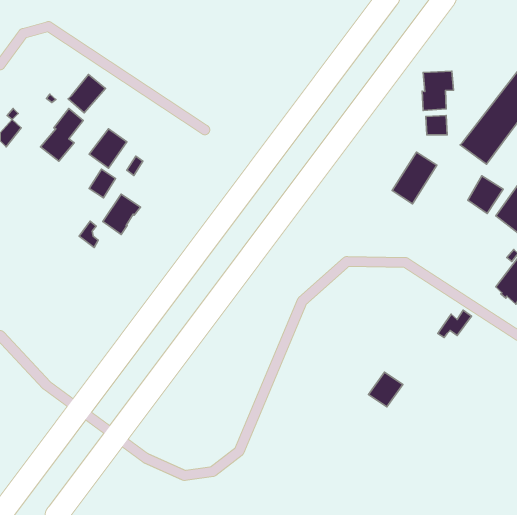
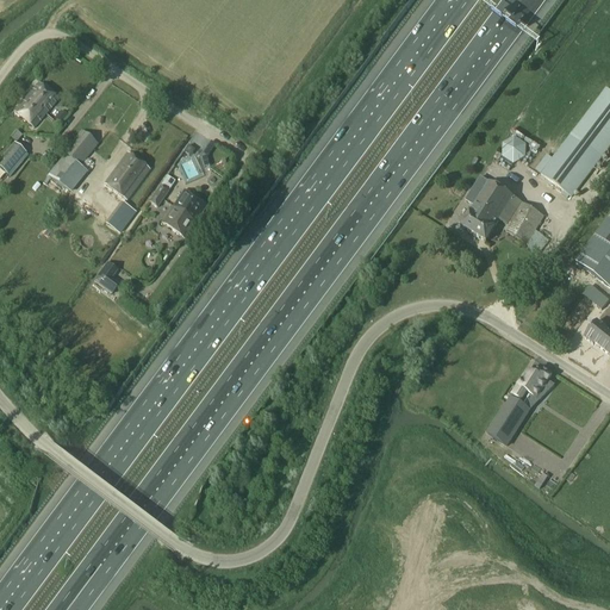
building: [422,71,453,111] -> none
building: [68,74,106,113] -> [15,81,60,126]
building: [468,176,503,213] -> [505,199,547,243]
building: [103,194,140,235] -> [163,189,207,237]
building: [368,372,403,407] -> [492,396,533,436]

